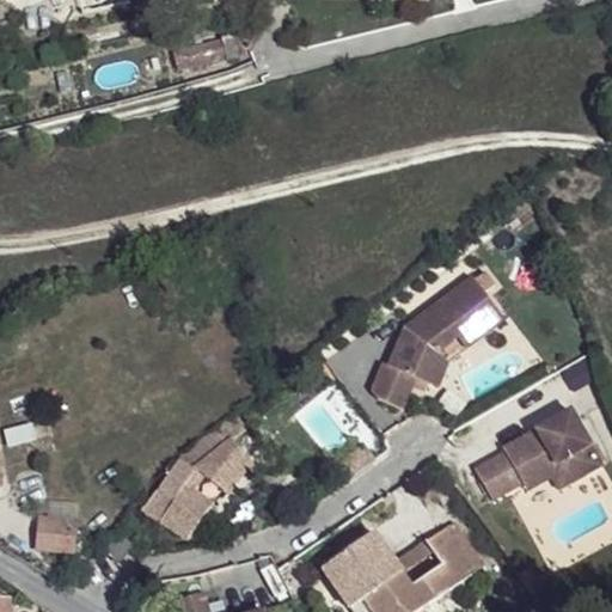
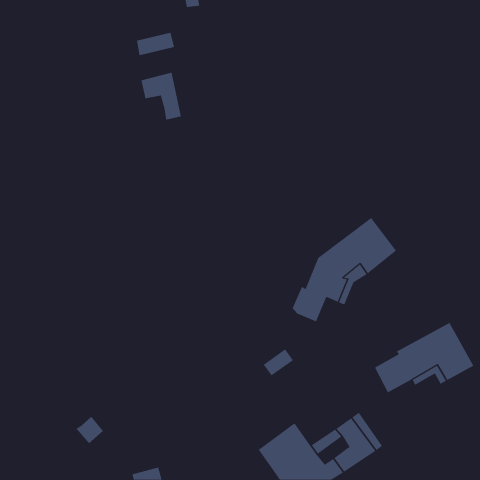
building: none -> [141,72,182,120]
building: [141,414,251,543] -> none
building: [36,519,76,553] -> none

